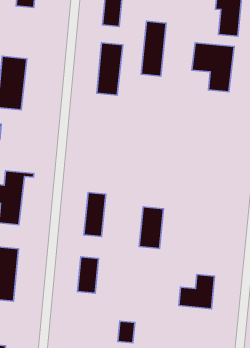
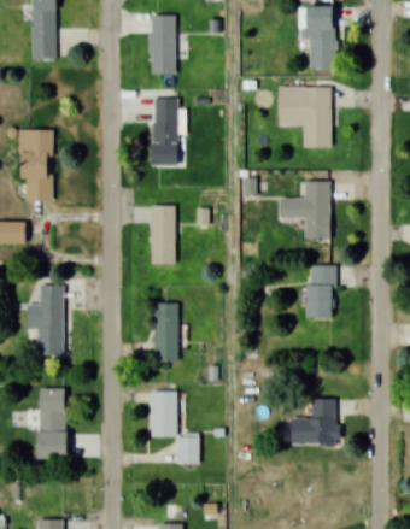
building: [141,21,166,76] -> none
building: none -> [279,181,330,240]
building: none -> [151,205,175,264]
building: [139,207,163,249] -> [308,265,335,319]
building: [118,321,135,343] -> [177,435,198,463]

